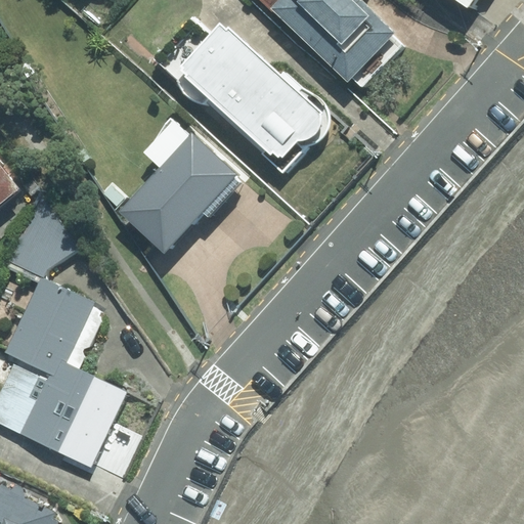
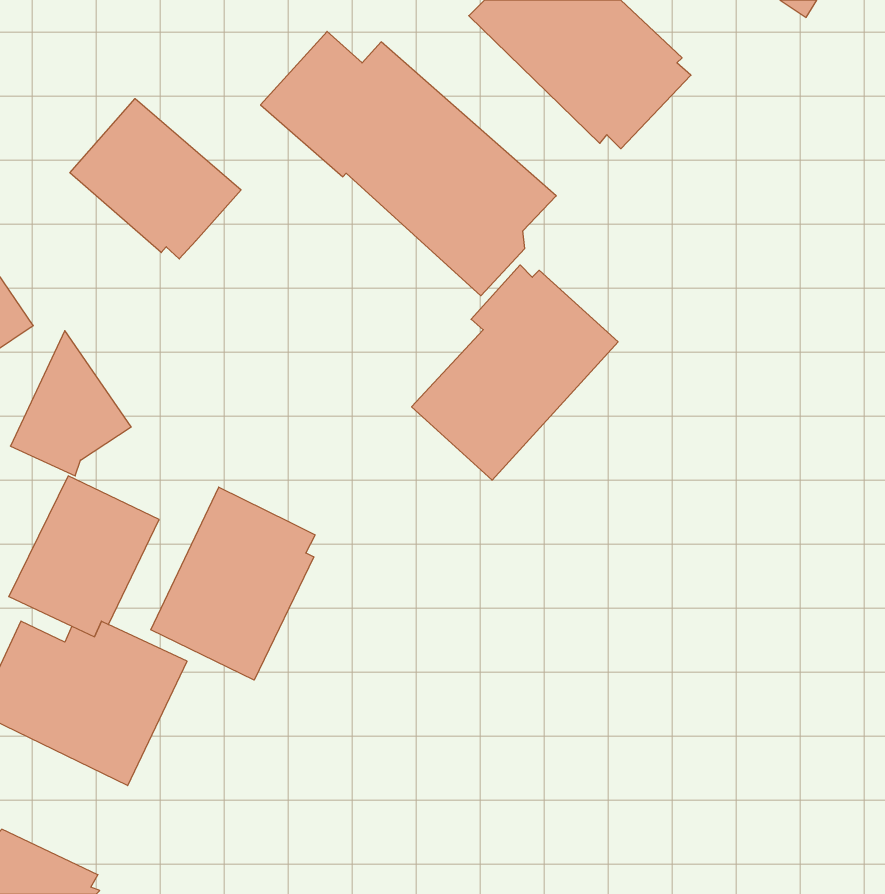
building: none -> [70,99,241,259]
building: [123,129,244,255] -> [412,265,618,480]
building: none -> [151,487,315,680]

